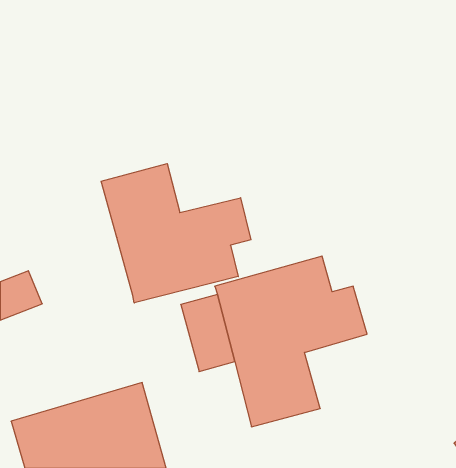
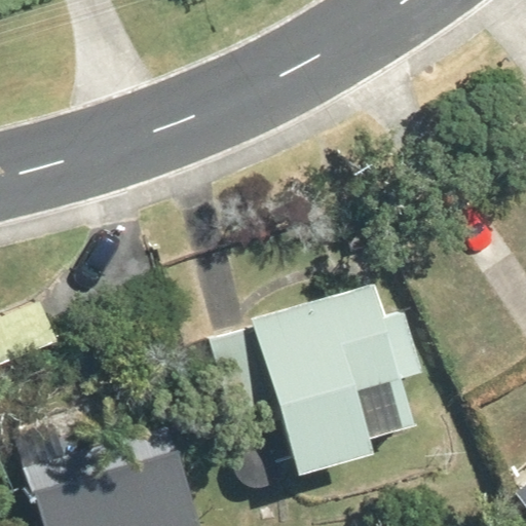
building: [101,164,251,303] -> none

